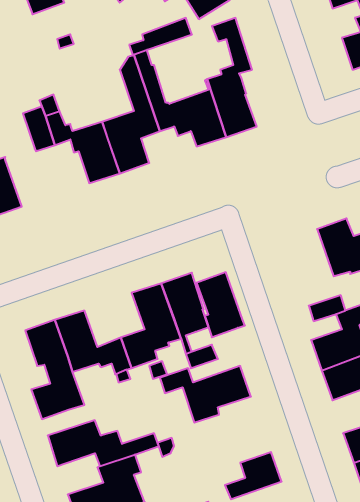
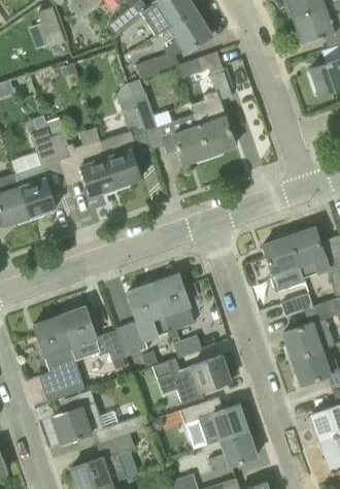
building: none -> [16,165,57,216]
building: [196,272,245,337] -> [263,235,305,292]
building: none -> [181,400,248,446]

